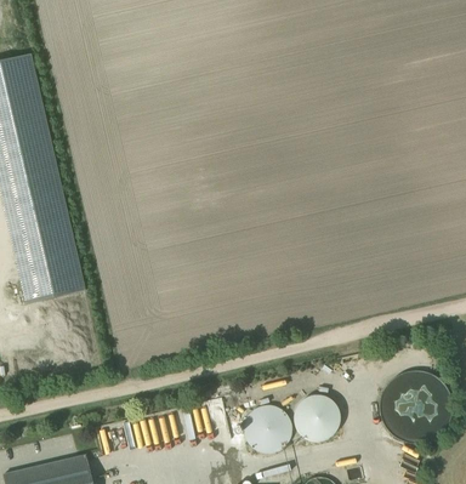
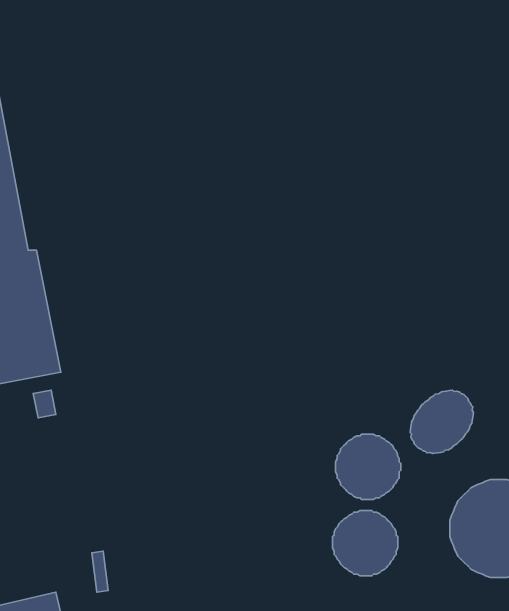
building: none -> [410,390,473,454]
building: [241,405,290,454] -> [336,434,401,499]

